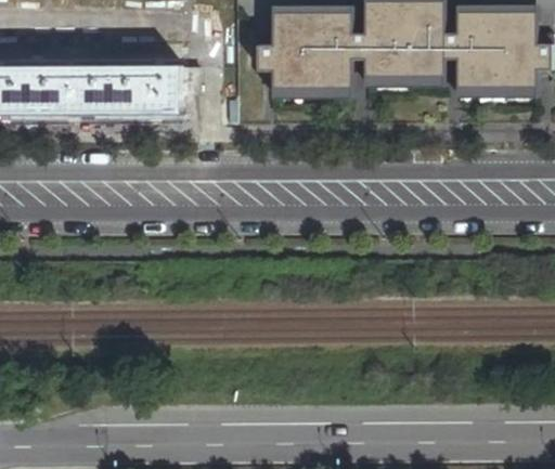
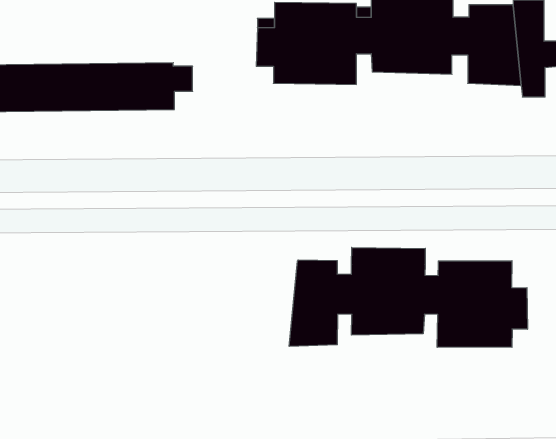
building: none -> [289,247,527,347]

